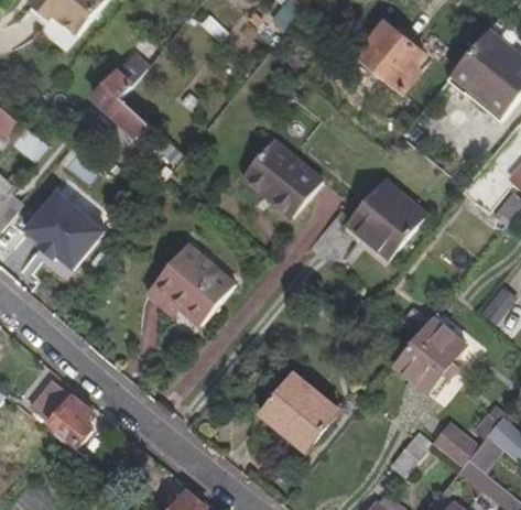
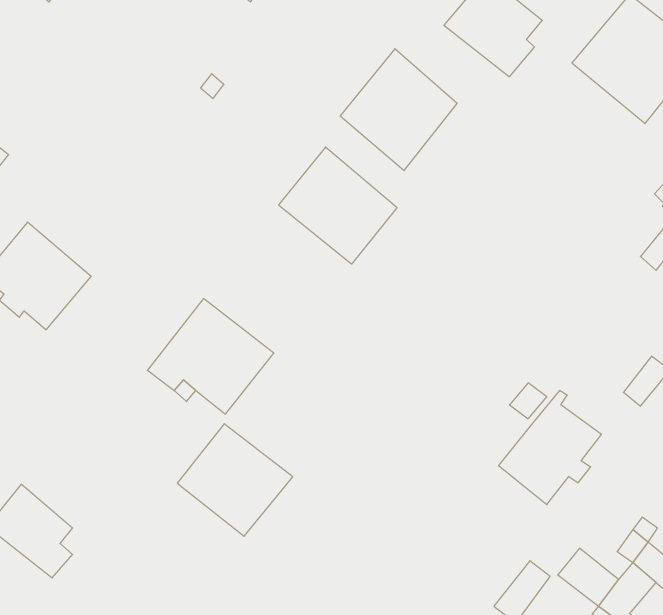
building: [93,54,150,137] -> none
building: [344,177,426,263] -> [340,49,457,171]
building: [261,369,343,448] -> [177,424,293,536]

